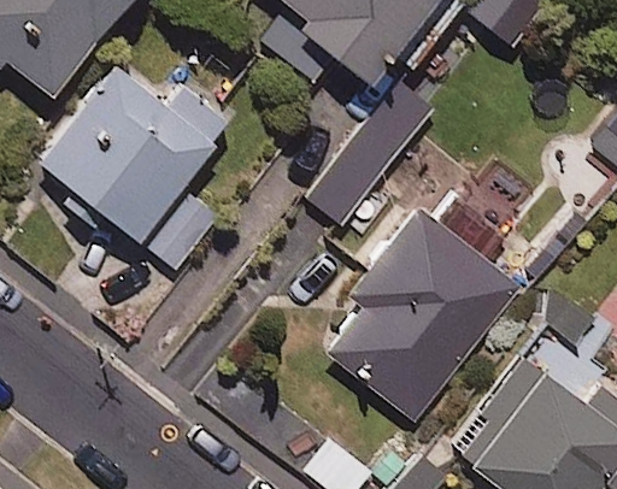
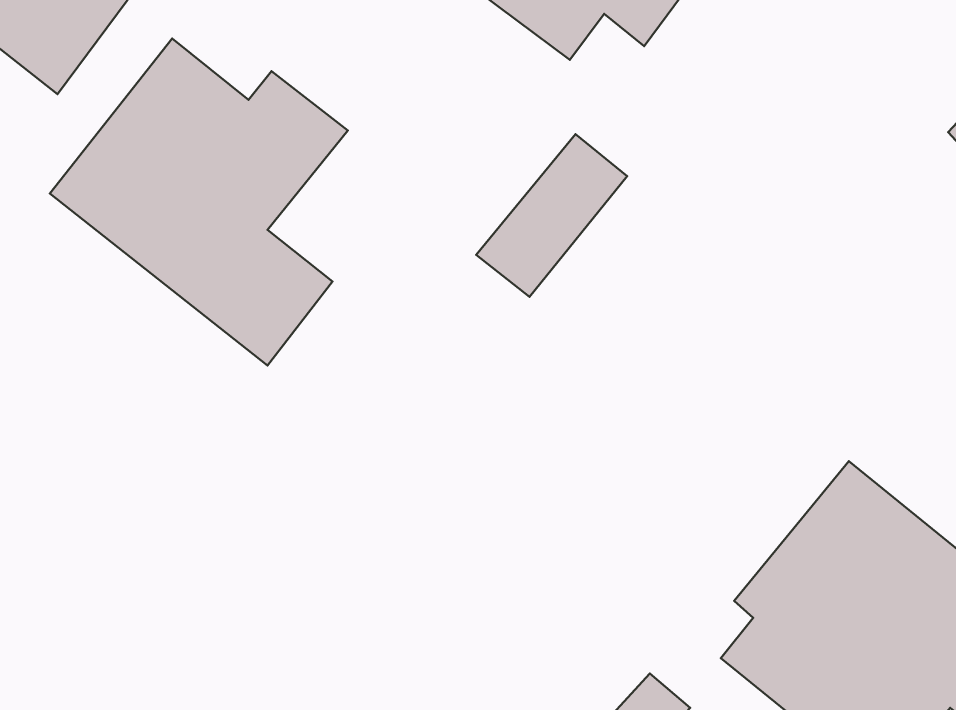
building: [327,206,519,422] -> none

